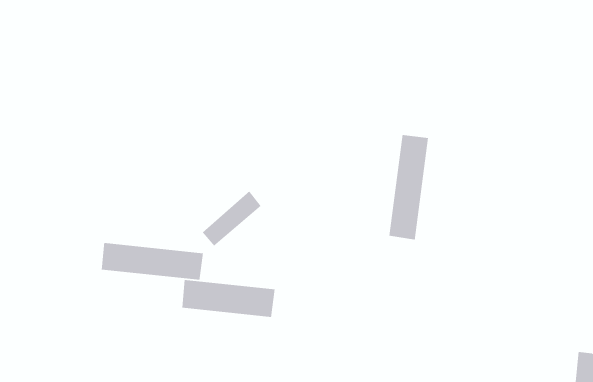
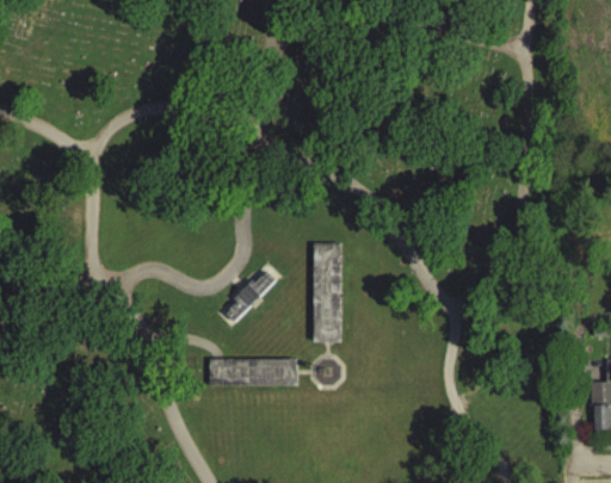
building: [388,134,429,240] -> [313,243,340,342]
building: [101,242,204,281] -> none

